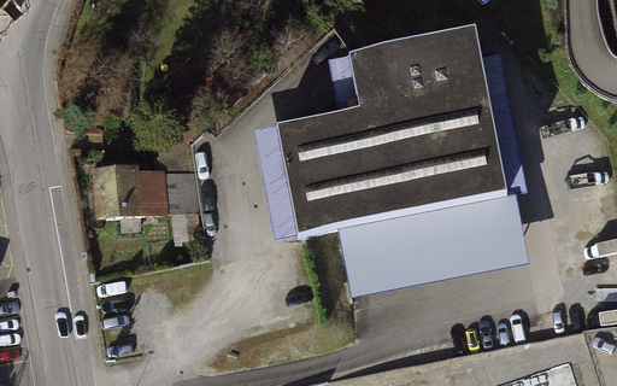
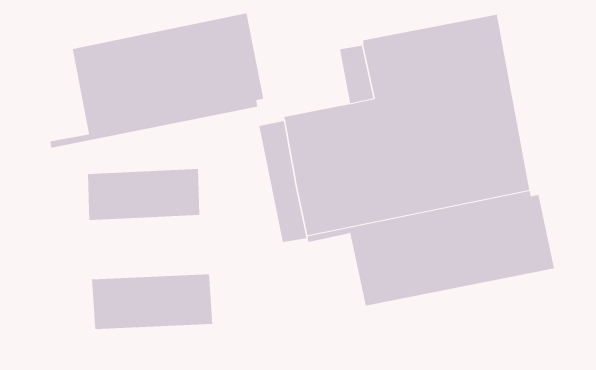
building: none -> [50,12,264,148]
building: none -> [92,273,213,330]

